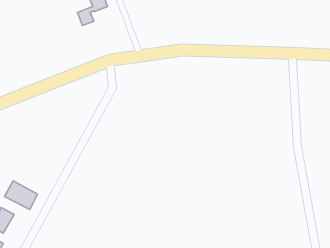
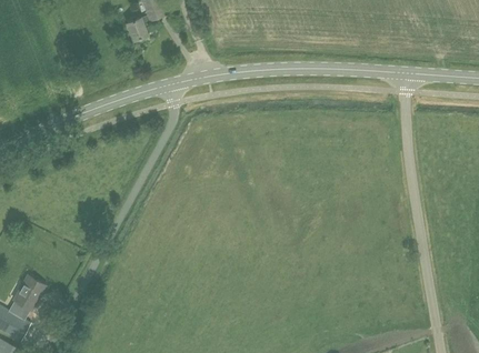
building: [4,181,38,209] -> none

